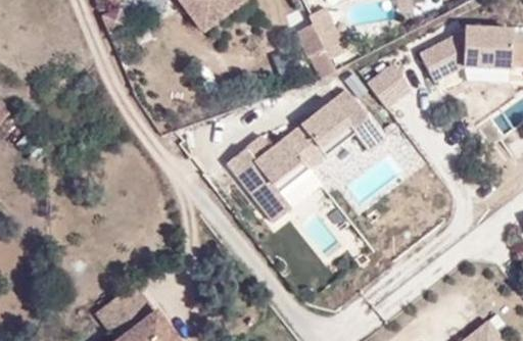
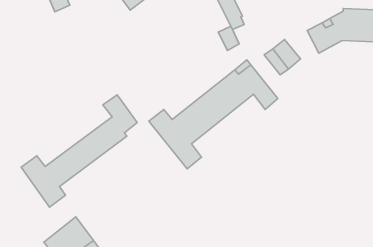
building: none -> [21,95,137,207]

